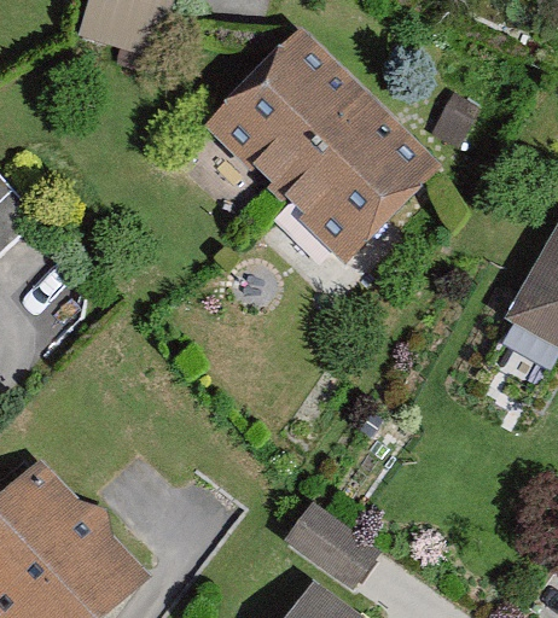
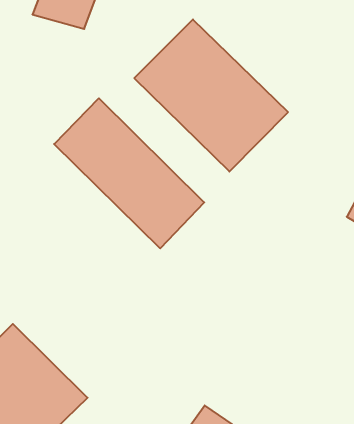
building: none -> [54,98,204,248]

